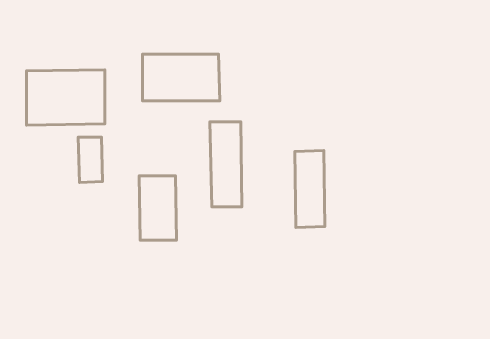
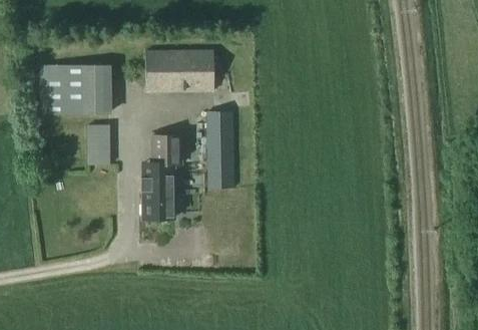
building: none -> [152,132,182,160]
building: [295,150,325,227] -> none

